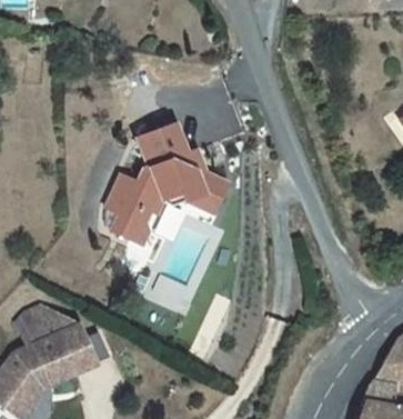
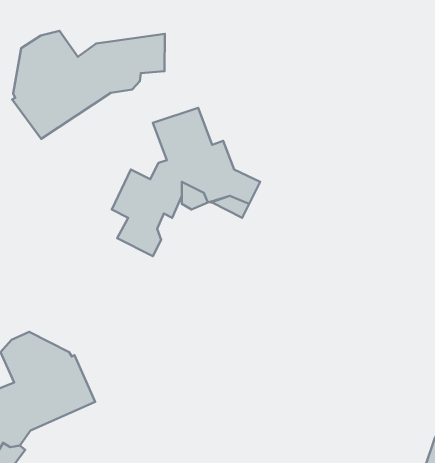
building: none -> [12,31,165,139]

